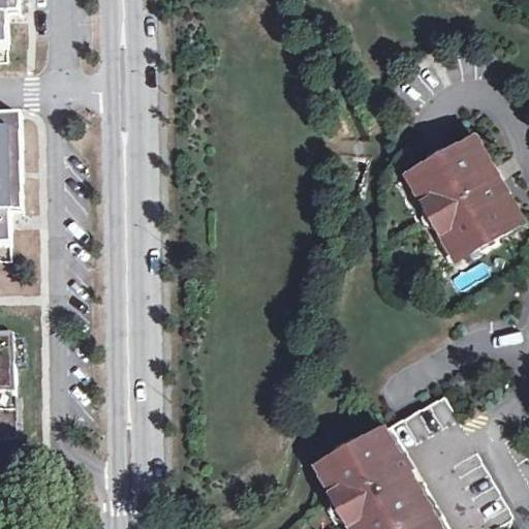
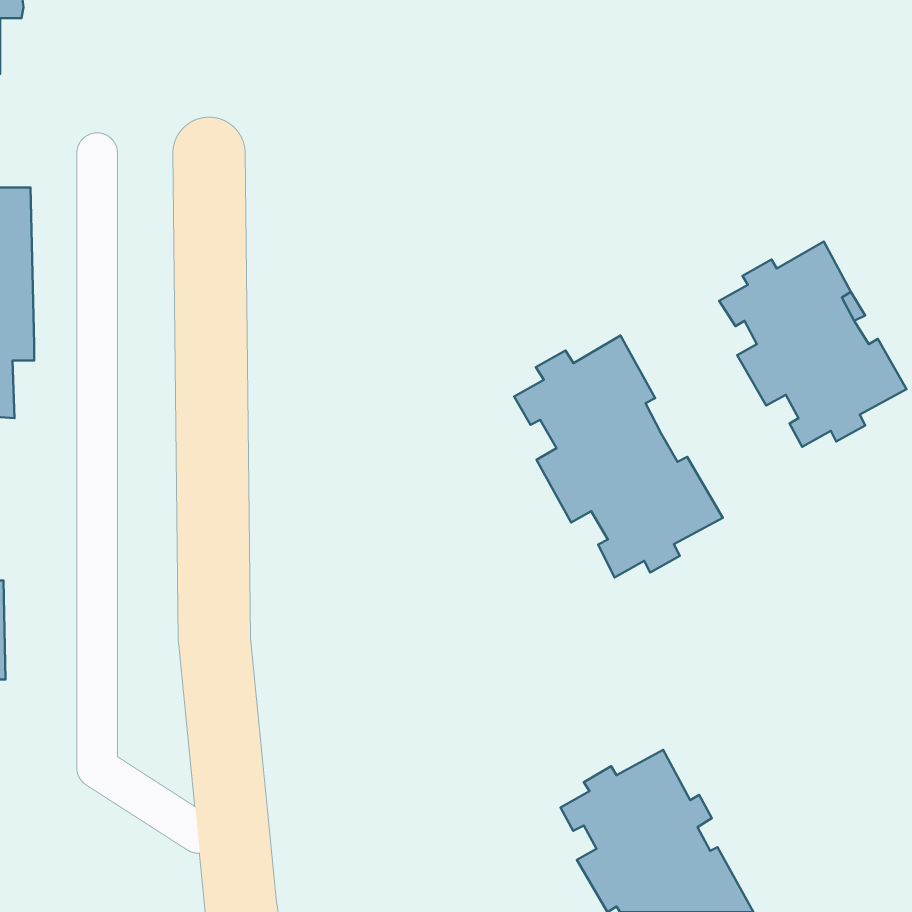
building: none -> [514,336,723,577]

